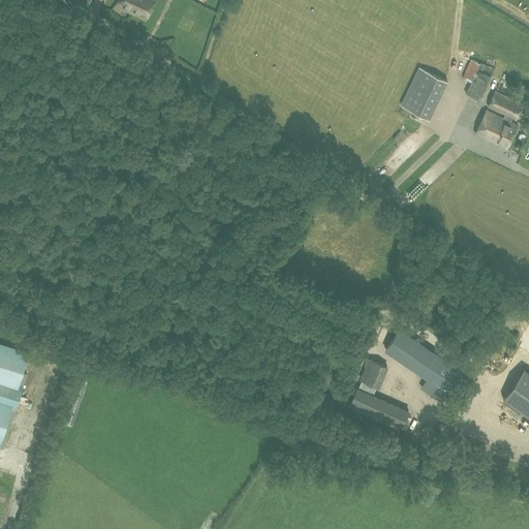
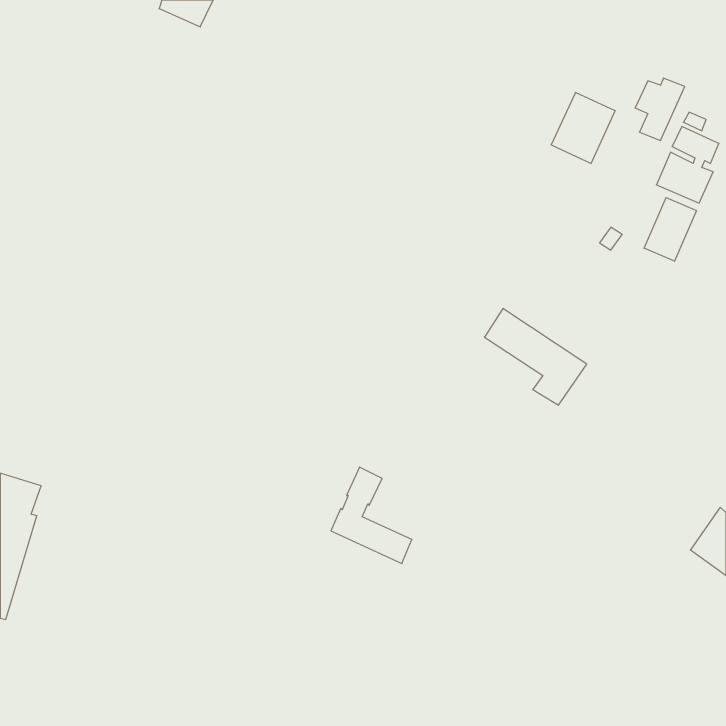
building: none -> [644,198,697,261]
building: [385,331,460,401] -> [484,309,587,405]
building: [349,360,408,430] -> [331,467,412,564]

